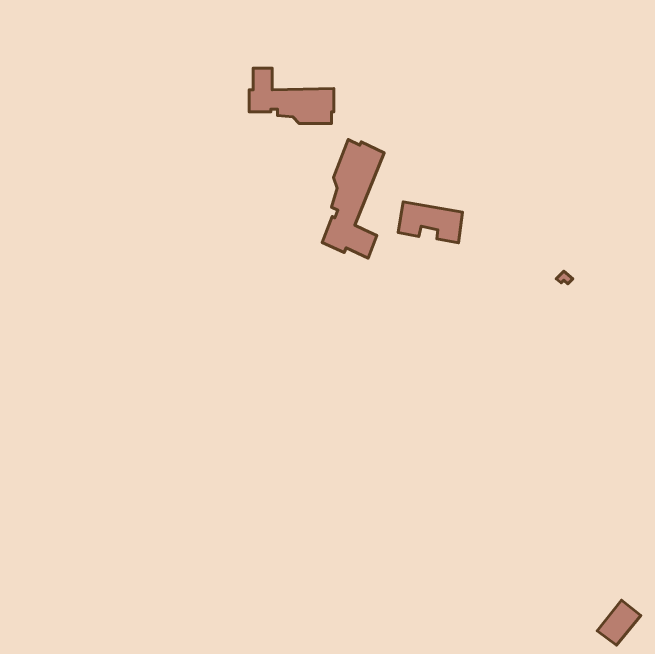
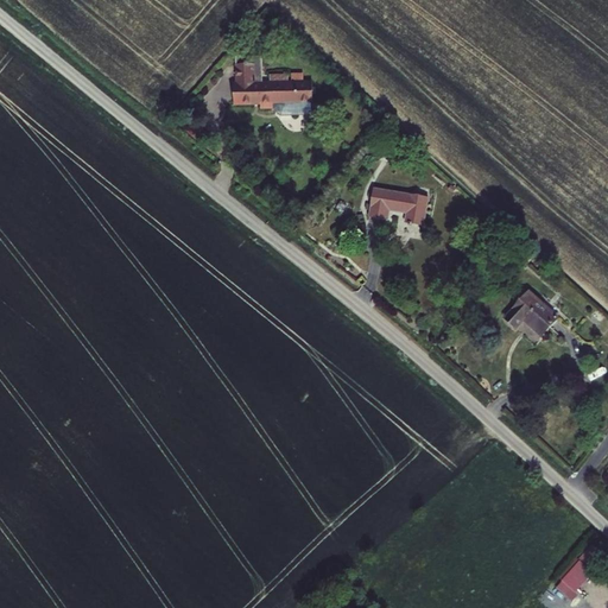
building: [322,140,384,258] -> none
building: none -> [505,291,557,334]

